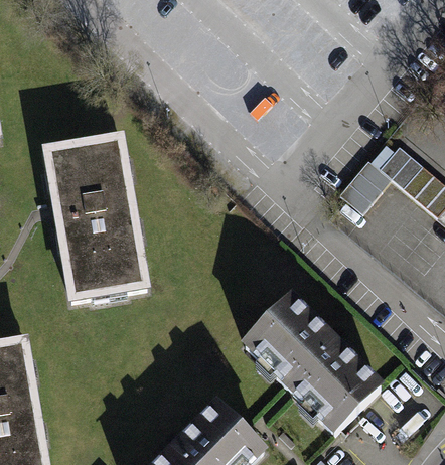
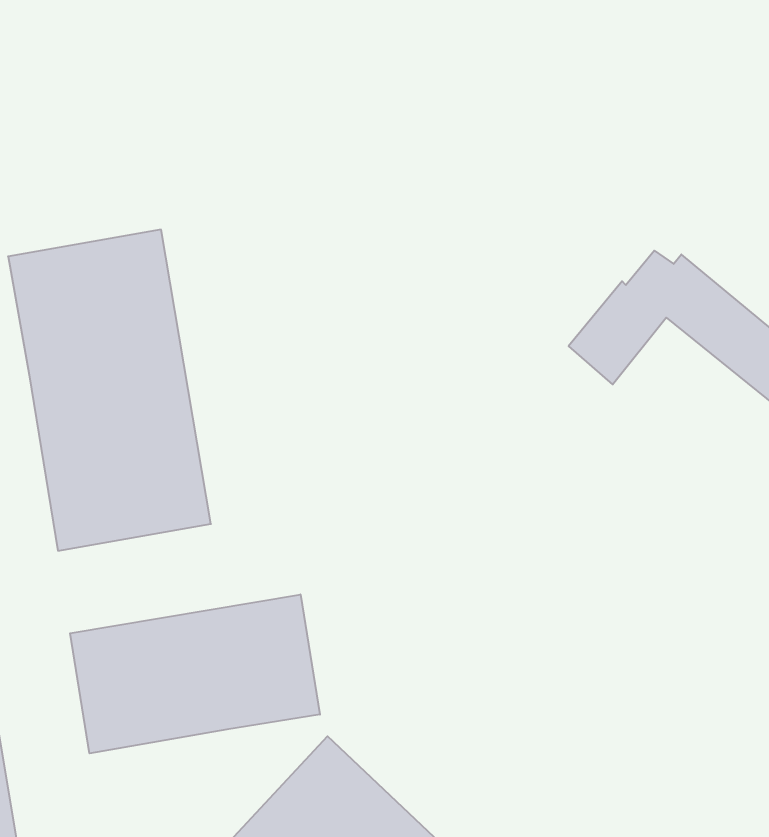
building: [237,288,382,430] -> none
building: none -> [70,594,320,753]

